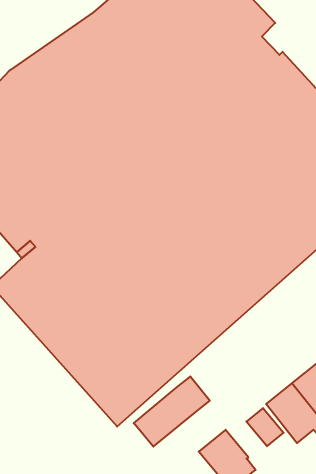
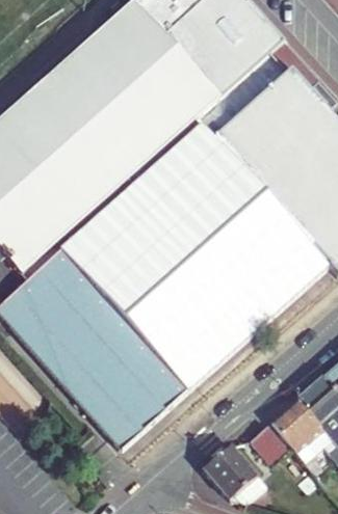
building: [134,376,210,447] -> none

